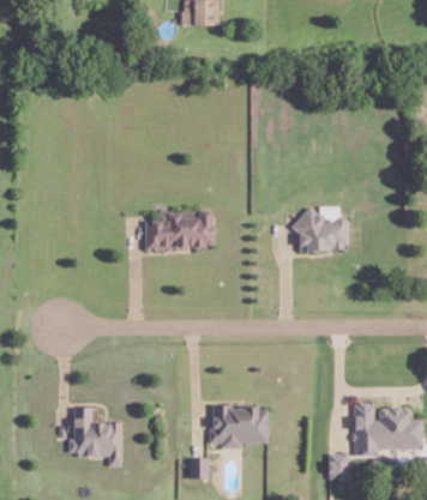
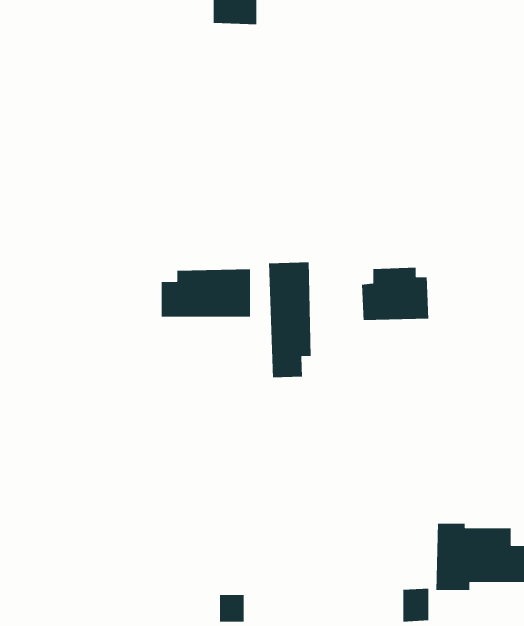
building: none -> [268,262,311,378]
building: [210,408,267,448] -> none
building: [68,409,121,466] -> none

